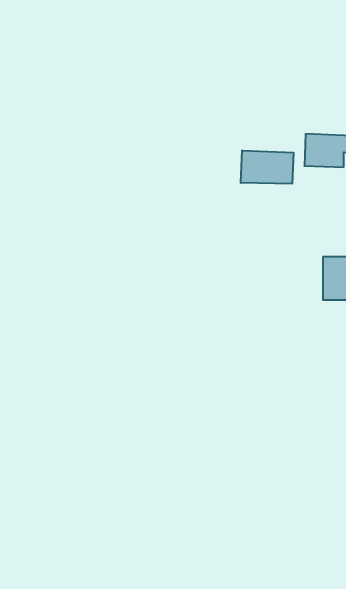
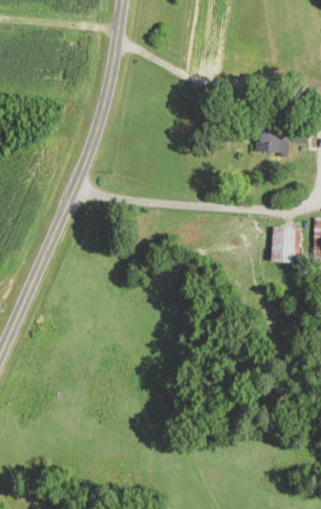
building: [241,150,293,184] -> none

